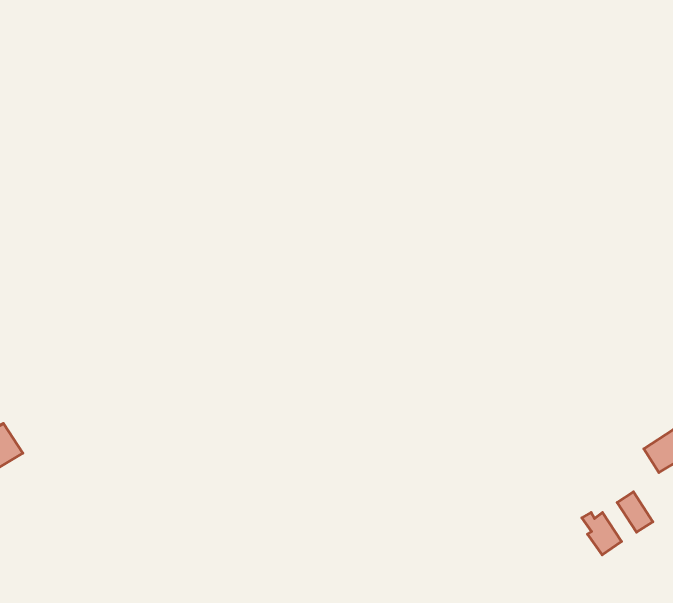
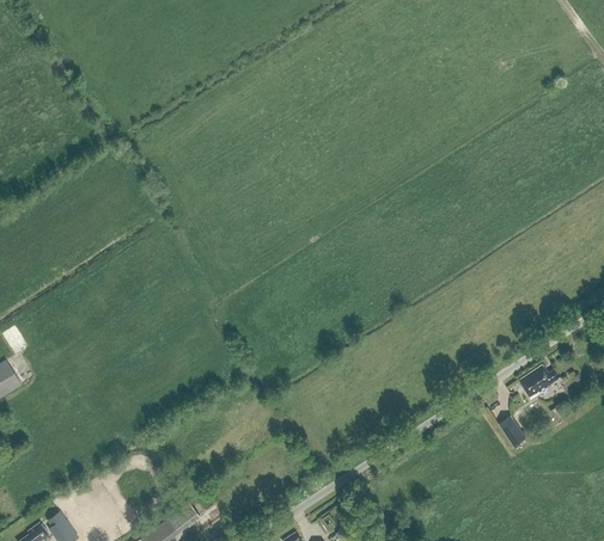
building: [582,512,621,555] -> none

